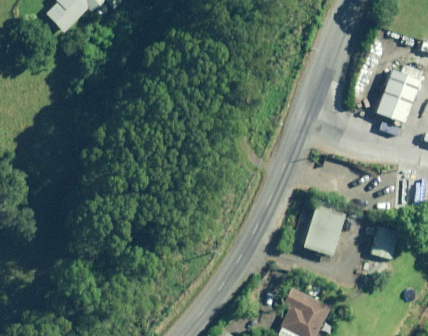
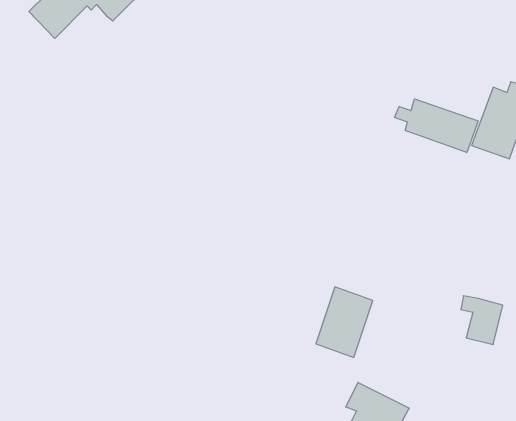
building: none -> [395,99,478,153]
building: [302,204,344,256] -> [316,287,373,357]

